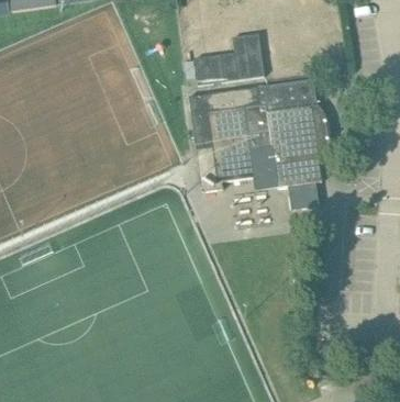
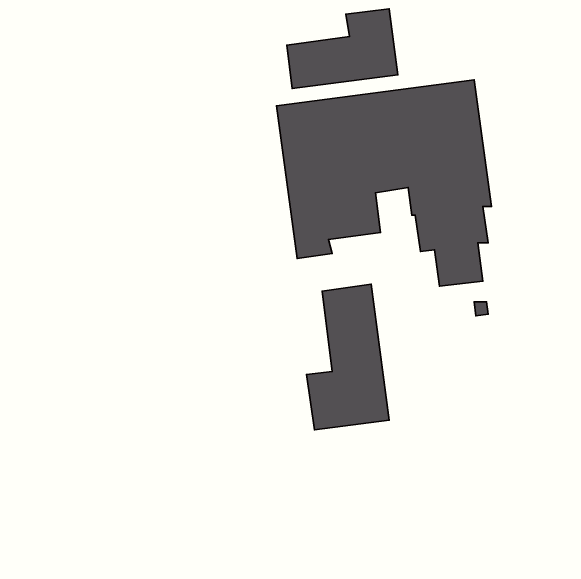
building: none -> [307,284,389,430]

